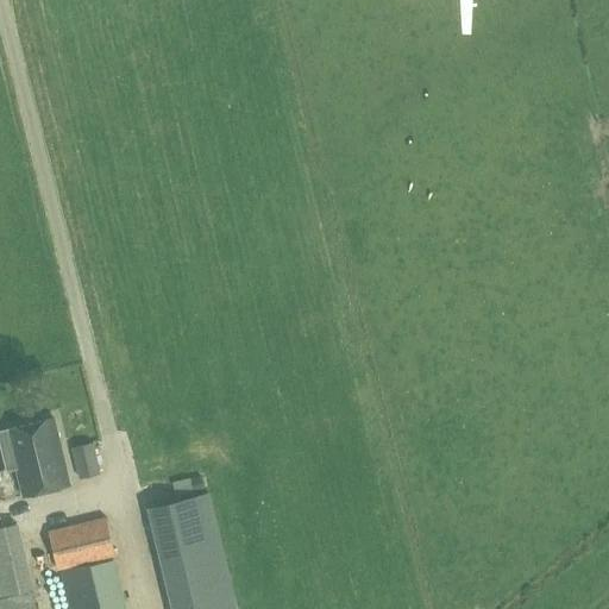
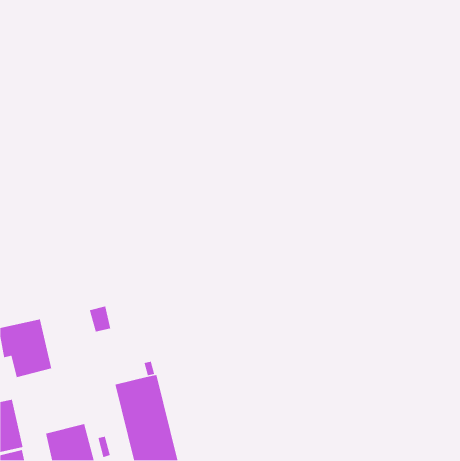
building: [70,444,100,479] -> [89,305,111,332]
building: [46,519,114,572] -> none

